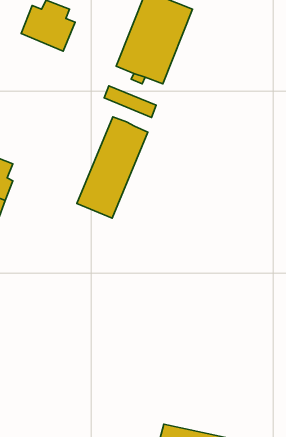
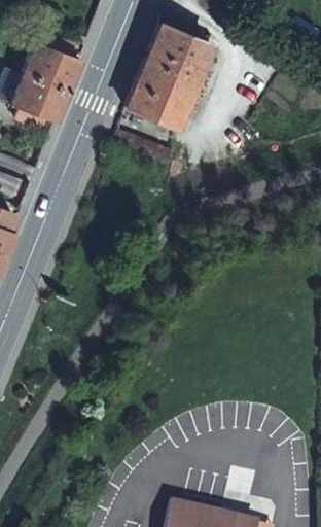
building: none -> [12,72,71,129]
building: [77,117,148,218] -> none

